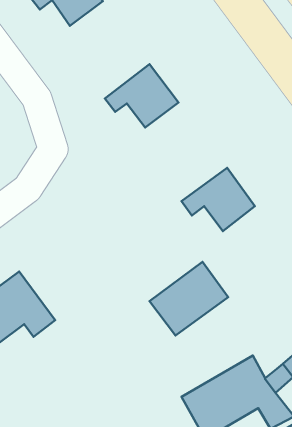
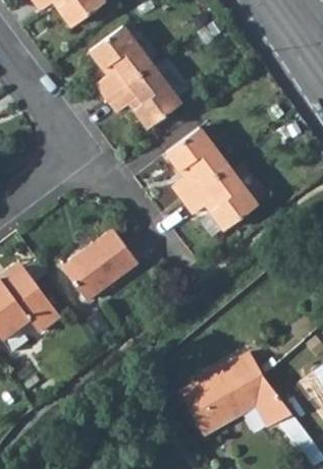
building: none -> [89,27,150,100]
building: none -> [164,128,226,200]
building: [150,262,228,335] -> [59,229,137,301]

